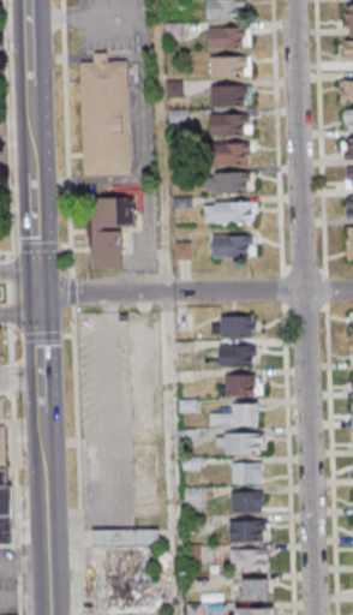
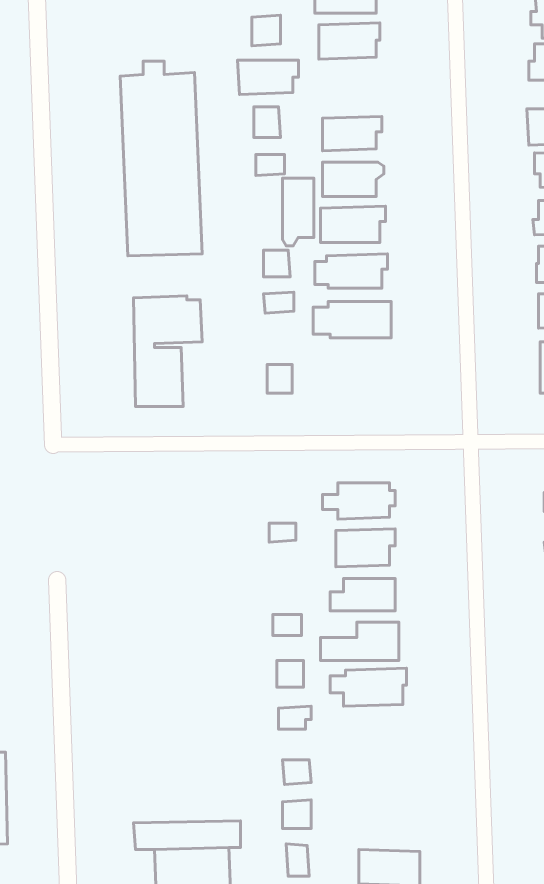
building: [209,56,247,78] -> [238,60,299,94]
building: none -> [283,178,314,246]
building: [213,235,252,257] -> none
building: [232,462,263,484] -> none
building: [231,491,263,514] -> none
building: [232,519,271,539] -> none

